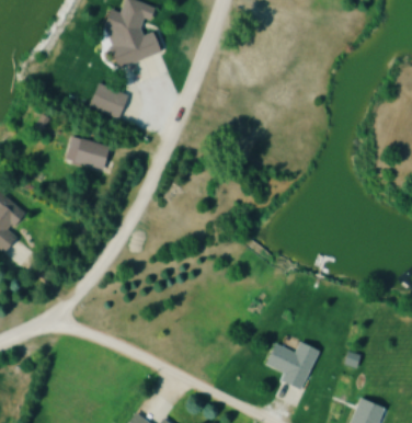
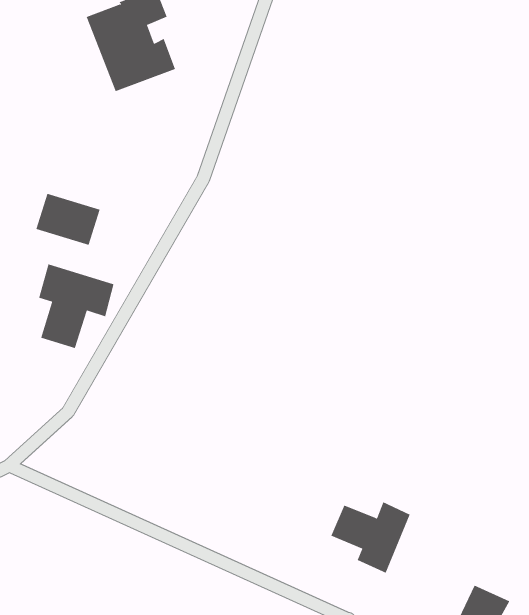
building: [89,82,128,117] -> none
building: none -> [38,264,114,349]

